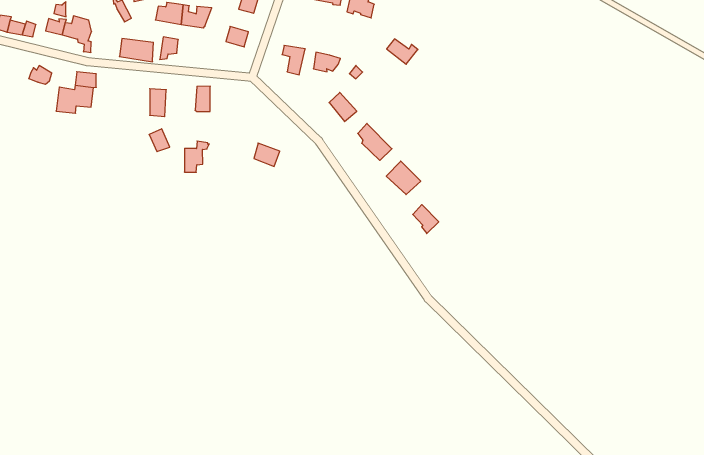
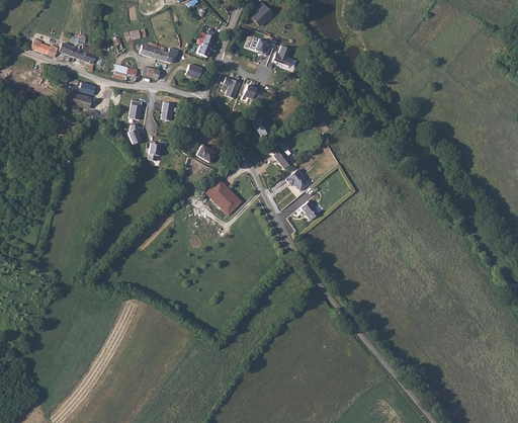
building: none -> [202,176,239,212]

